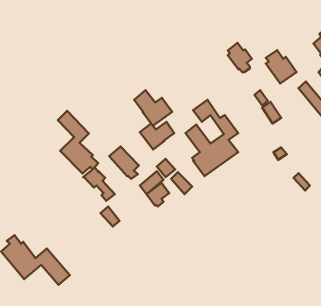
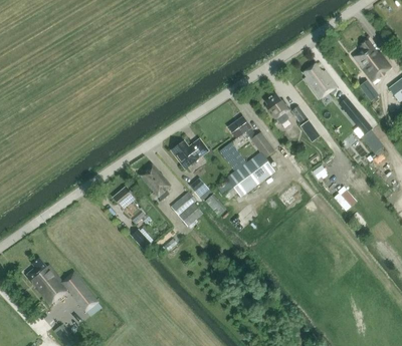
building: [228,43,252,72] -> [265,92,290,123]
building: [134,90,172,126] -> none
building: [58,111,98,174] -> none

